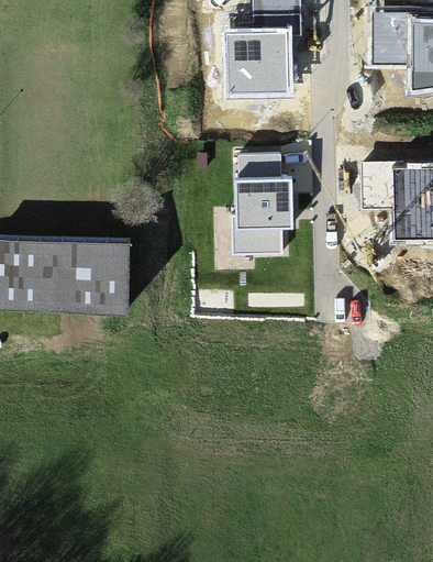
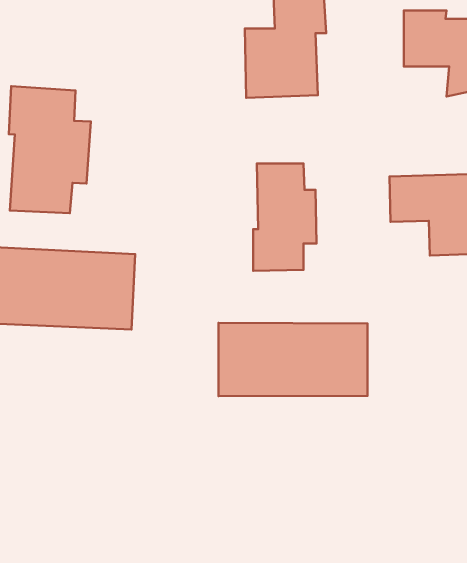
building: none -> [9,86,91,213]
building: none -> [219,323,368,396]

